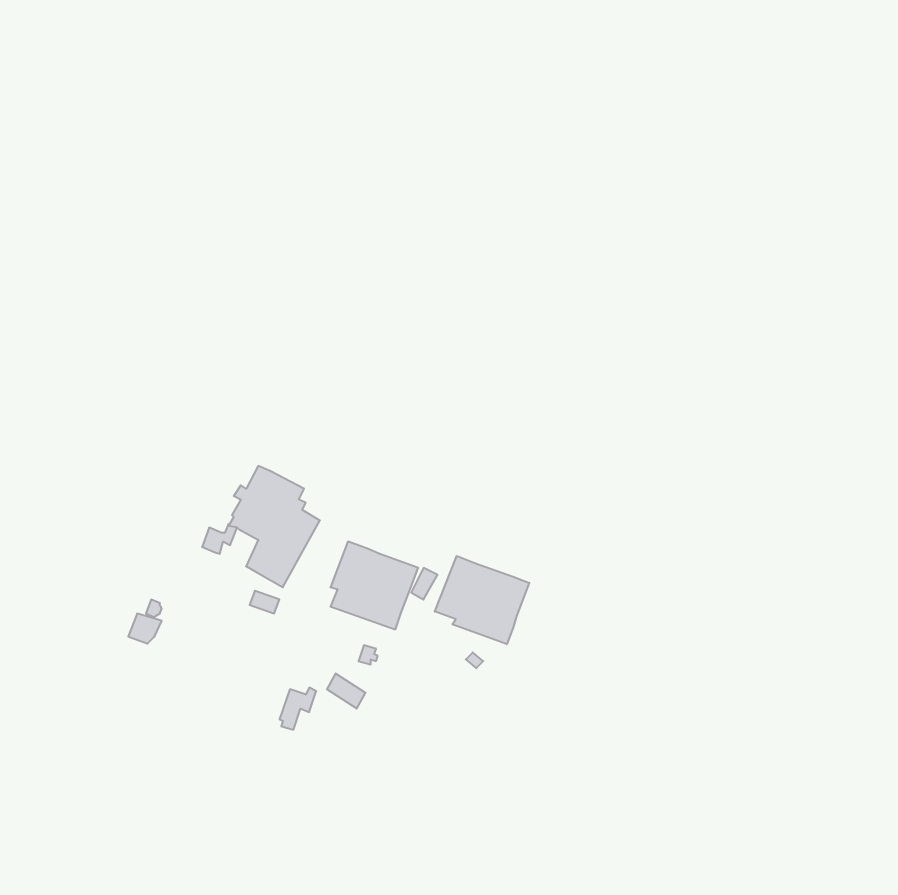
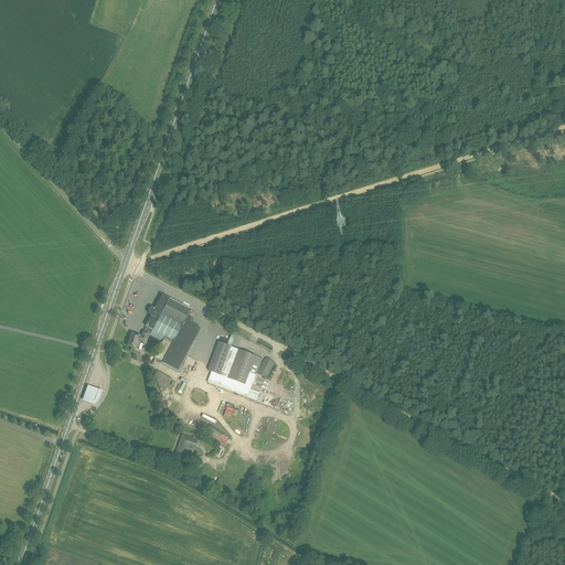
building: [435,556,529,644] -> none

